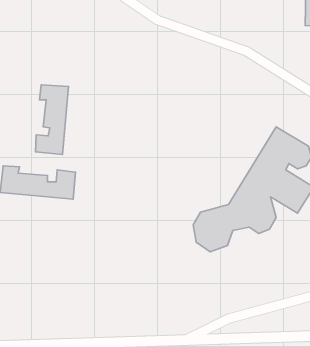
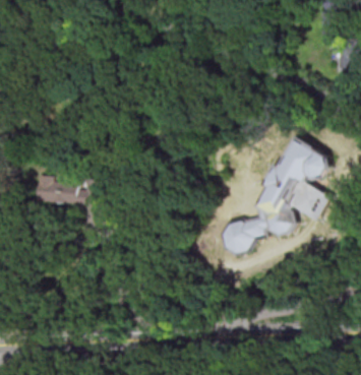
building: [35,85,68,154] -> none

